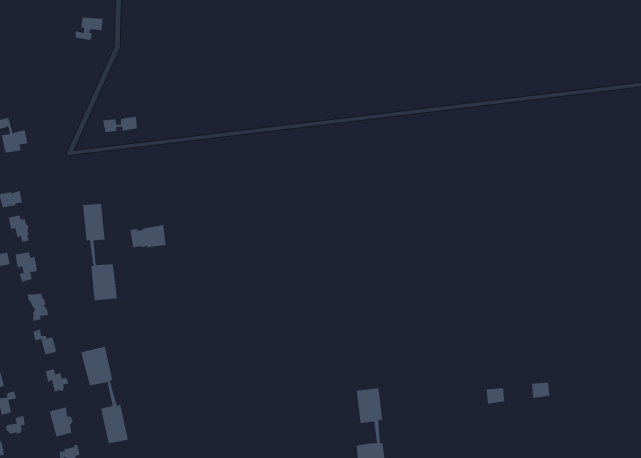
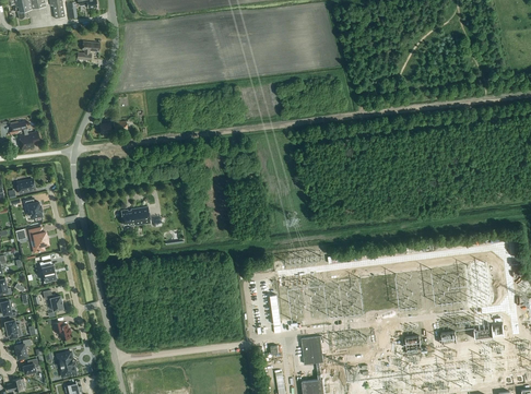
building: [83,203,118,301] -> none
building: [81,346,129,444] -> none

